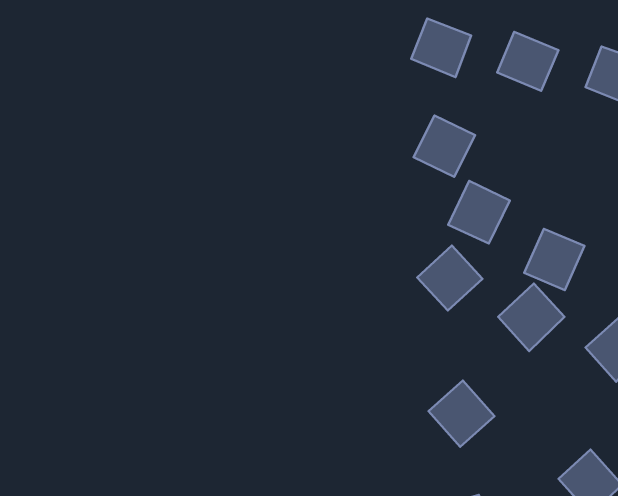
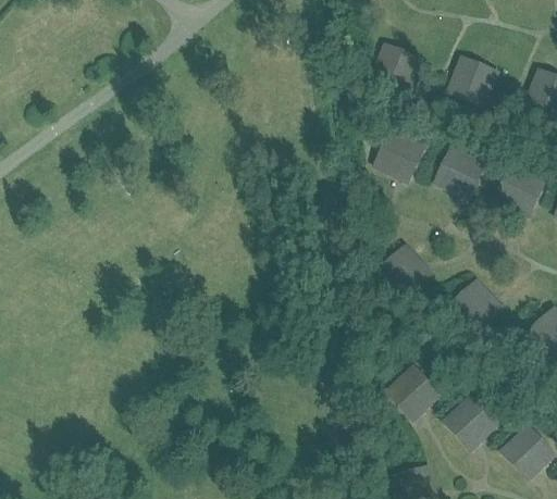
building: [448,181,510,243] -> [433,144,487,199]
building: [524,229,584,290] -> [494,161,547,215]
building: none -> [443,391,502,450]

